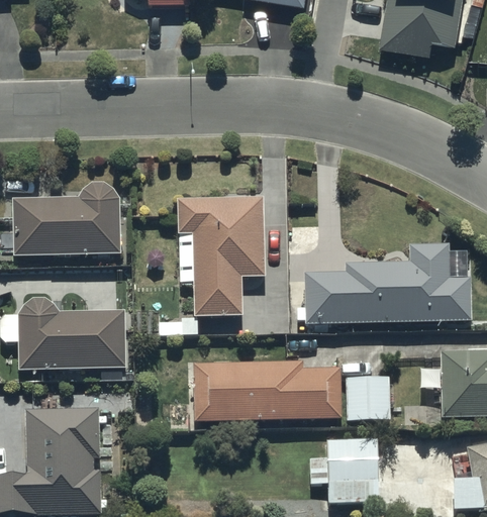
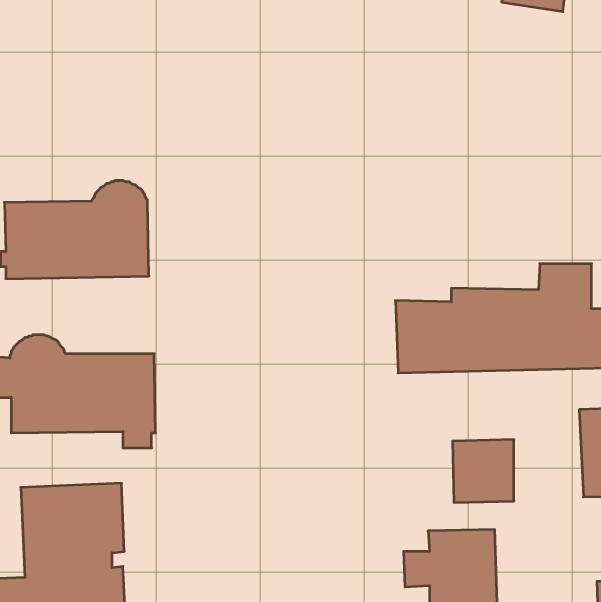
building: [160,195,265,332] -> none
building: [192,360,342,422] -> none

